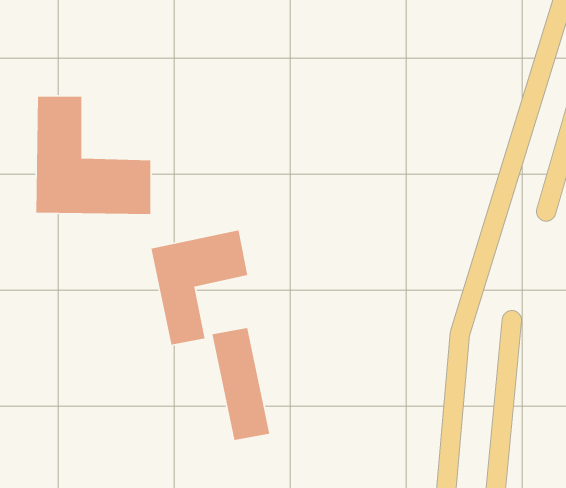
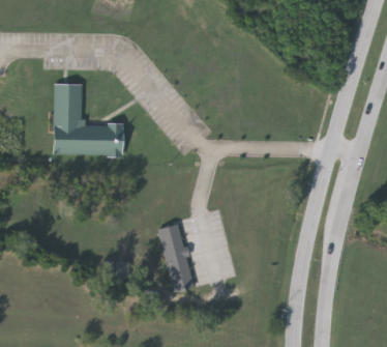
building: [150,229,248,345] -> none

